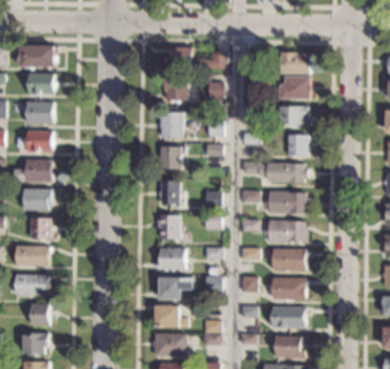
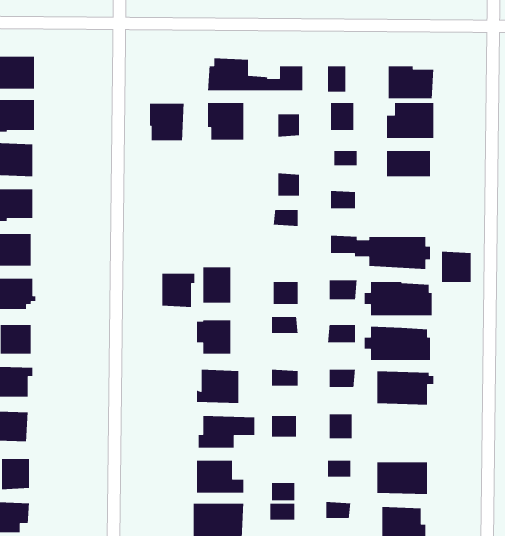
building: [160,112,183,137] -> [149,103,184,141]
building: [287,134,307,154] -> [441,251,471,283]
building: [161,146,183,169] -> [162,273,195,308]
building: [272,276,304,298] -> none

